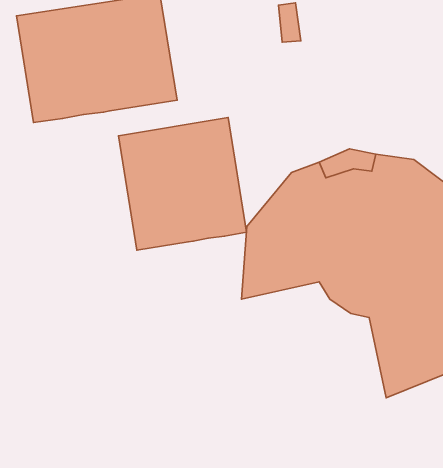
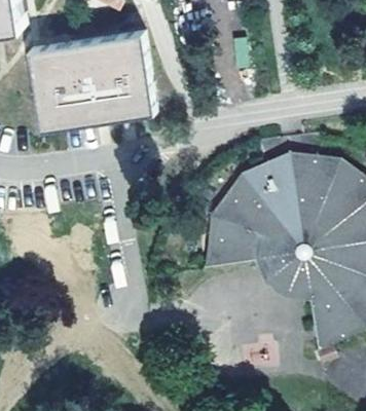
building: [119,117,246,250] -> none

